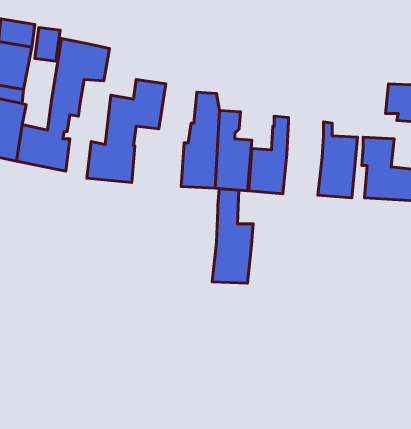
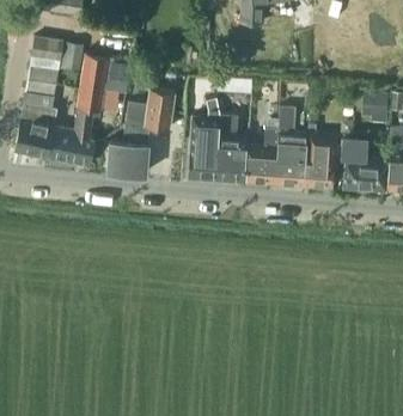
building: [212,189,253,283] -> [274,105,309,185]

